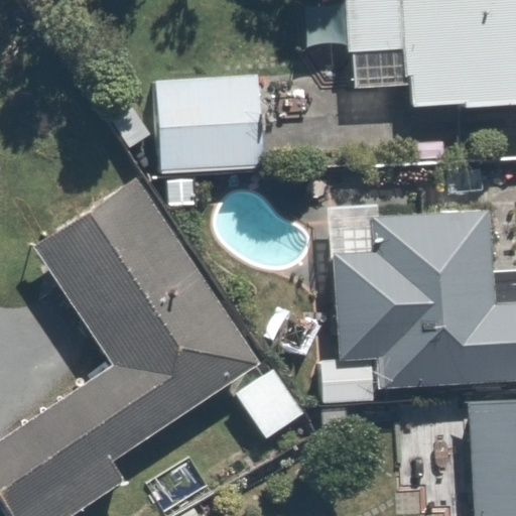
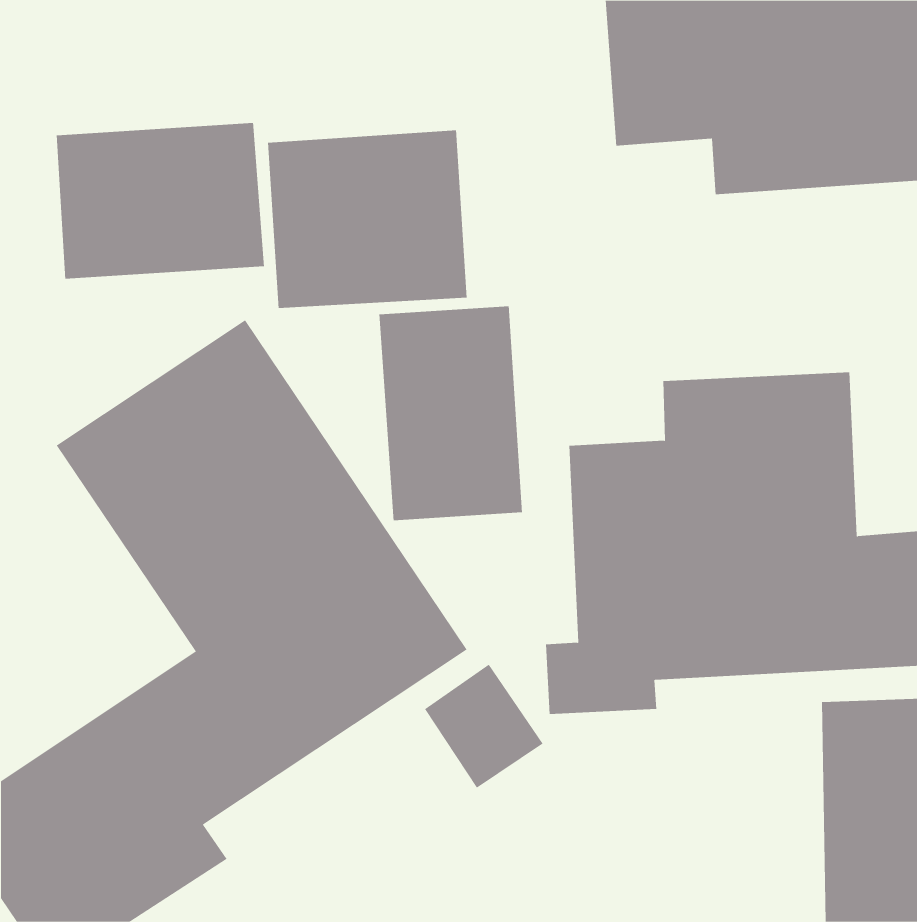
building: none -> [56,122,264,280]
building: none -> [379,305,522,521]

